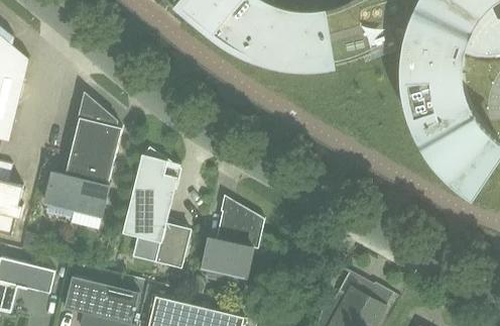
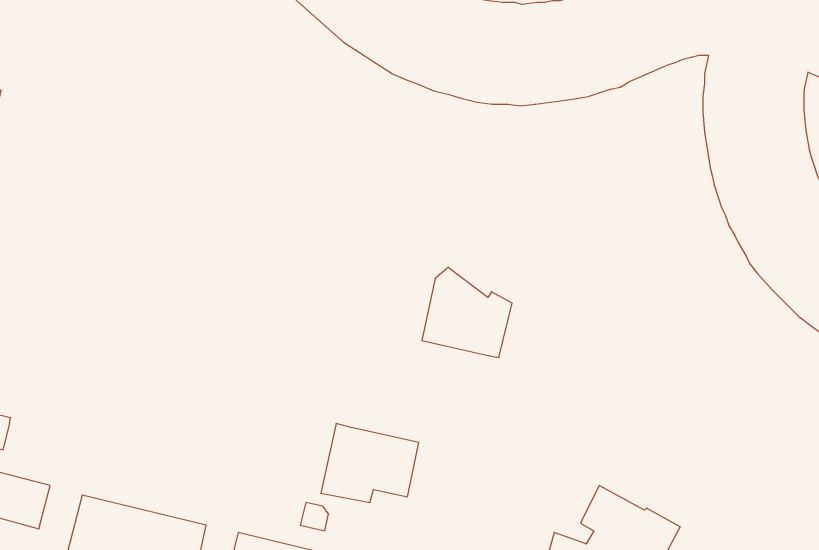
building: [44,100,121,217] -> none
building: [122,149,189,266] -> none
building: [216,201,264,249] -> [422,267,512,358]

